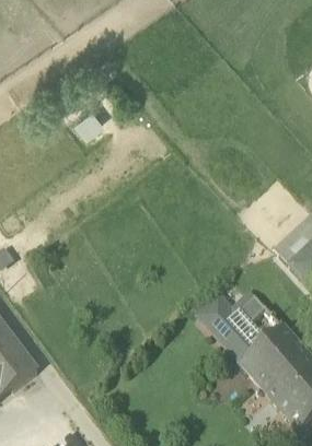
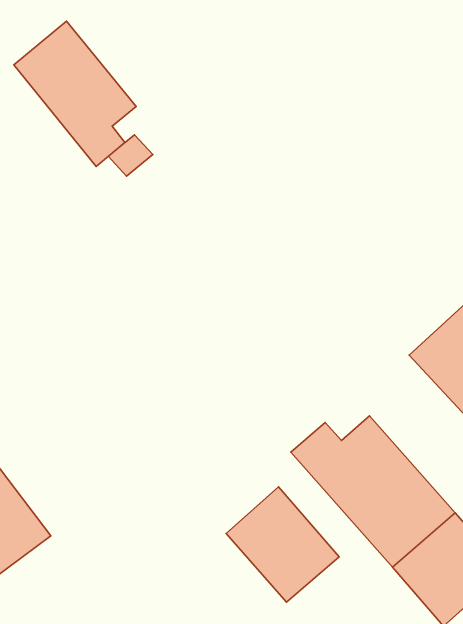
building: none -> [14,21,136,167]
building: none -> [226,487,339,602]

